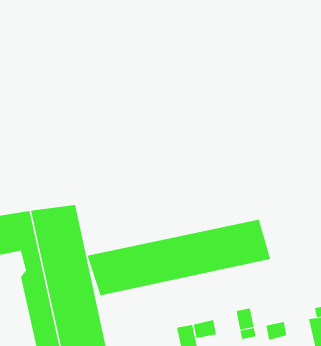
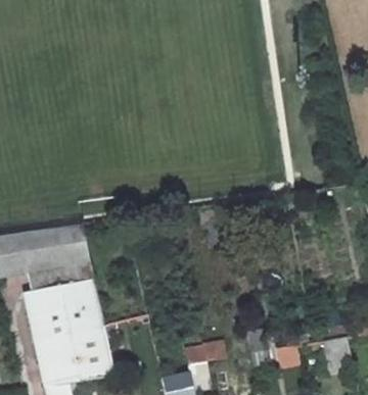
building: [87,219,271,296] -> none

